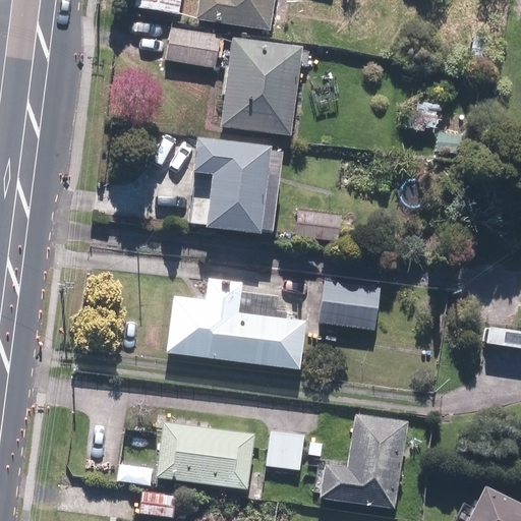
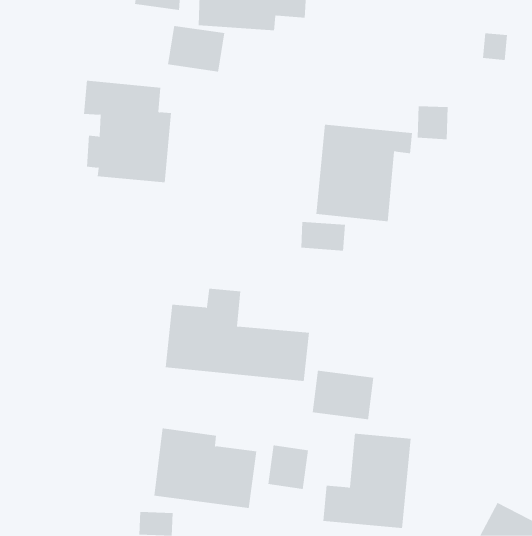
building: [222,40,315,133] -> [316,124,413,222]
building: [188,140,274,239] -> [83,80,172,183]
building: [321,282,381,330] -> [312,370,374,420]

